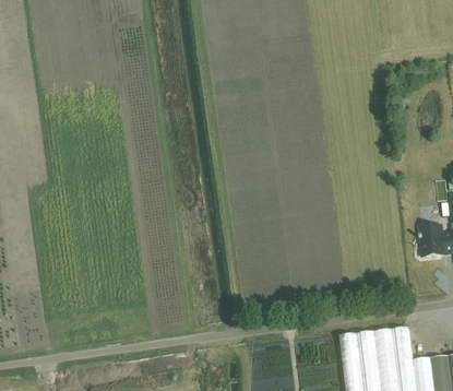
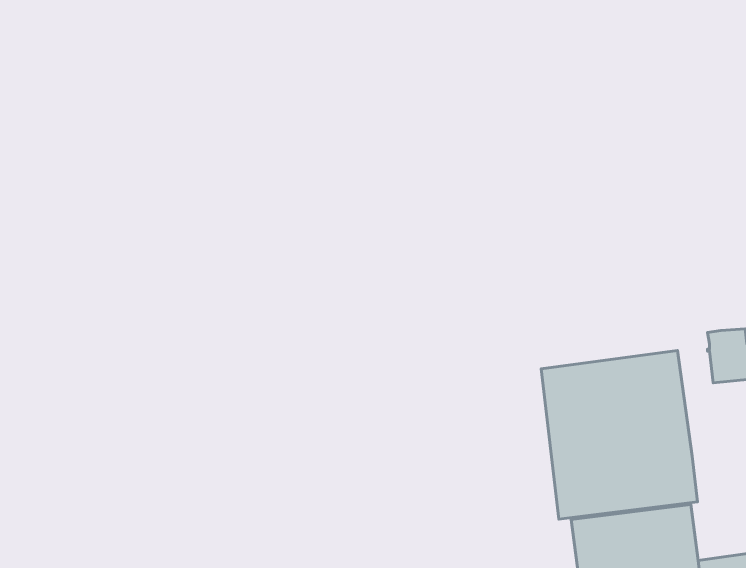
building: none -> [541,351,697,519]

